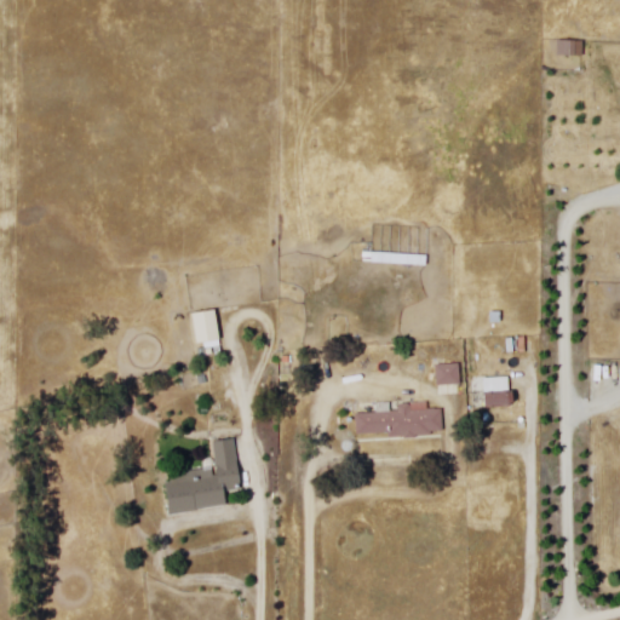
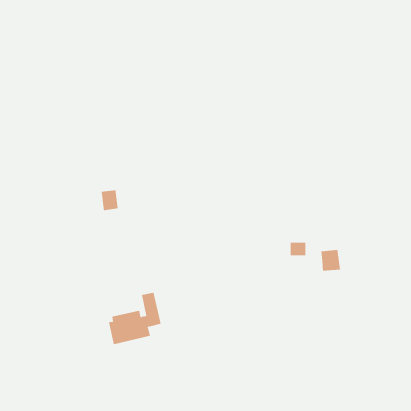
building: [191,310,218,341] -> [101,190,119,211]
building: [355,402,442,440] -> none

